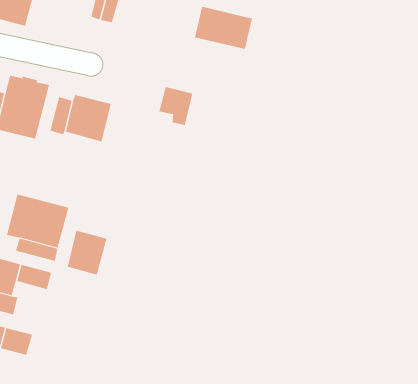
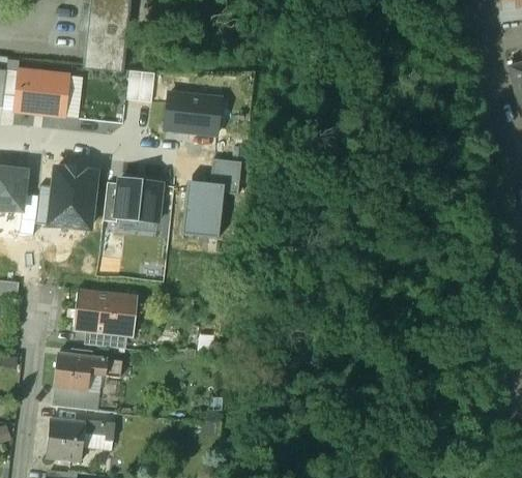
building: [194,6,253,50] -> [165,96,221,133]
building: none -> [182,182,224,239]
building: [67,230,107,275] -> none

